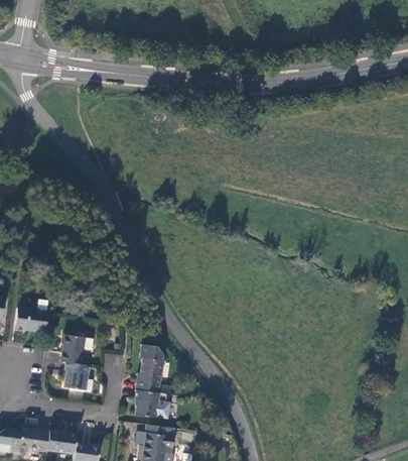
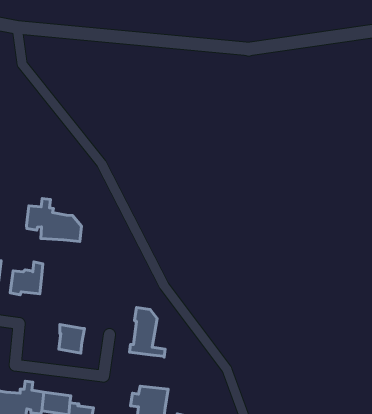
building: none -> [26,198,82,242]
building: [59,334,89,365] -> none
building: [134,389,159,418] -> none

